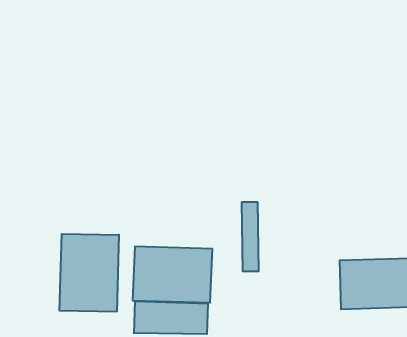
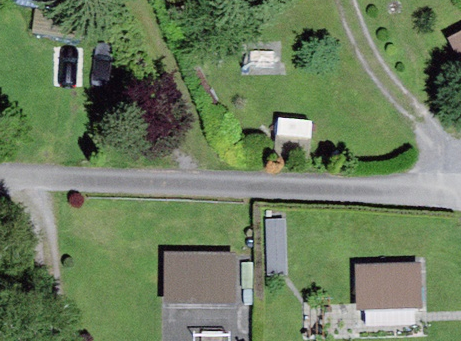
building: [60,234,119,312] -> none

